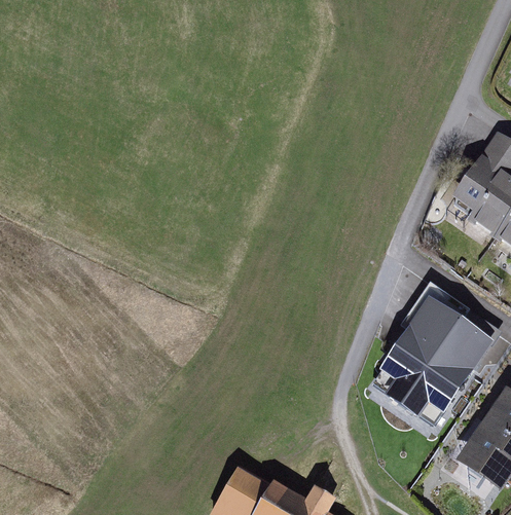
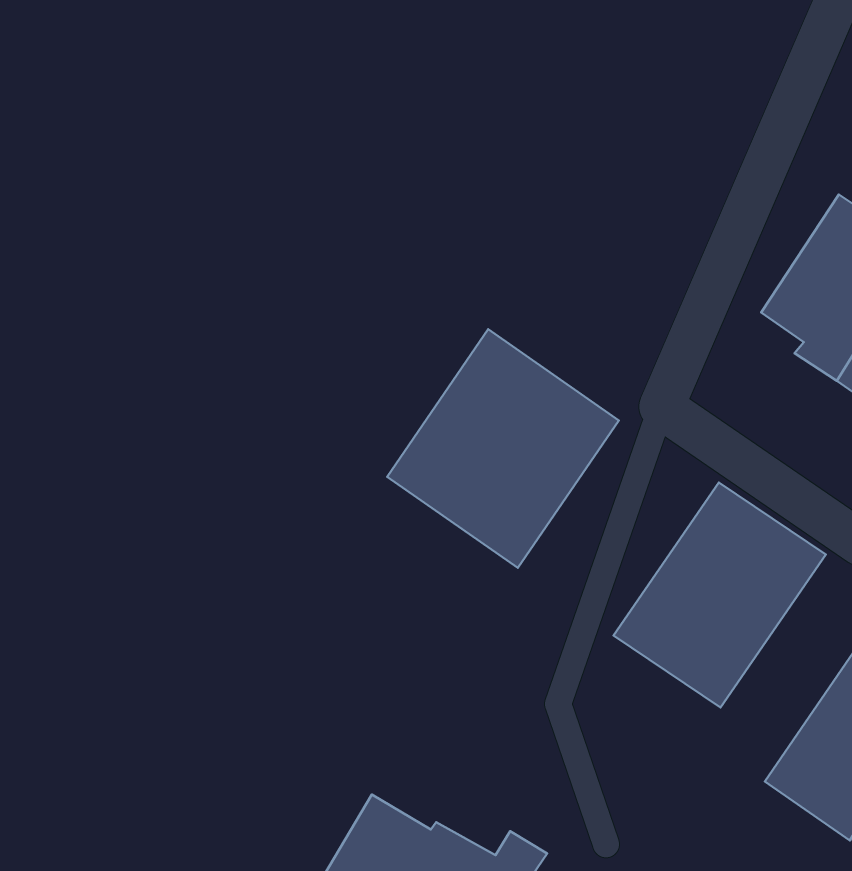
building: none -> [387,329,619,568]

